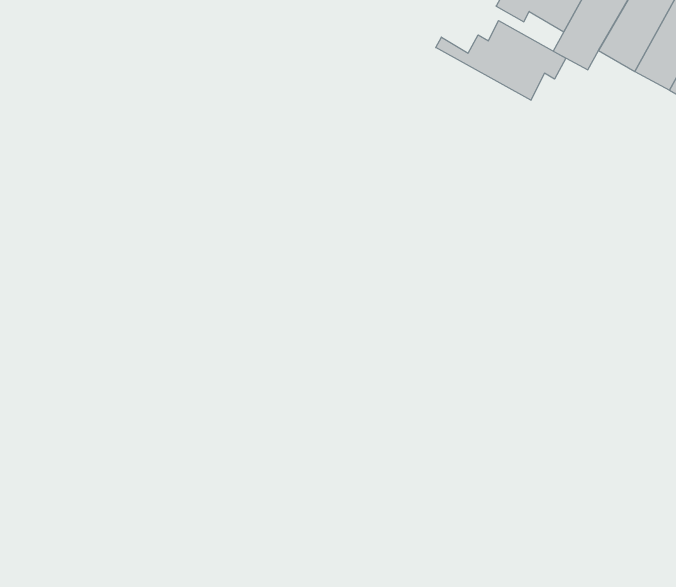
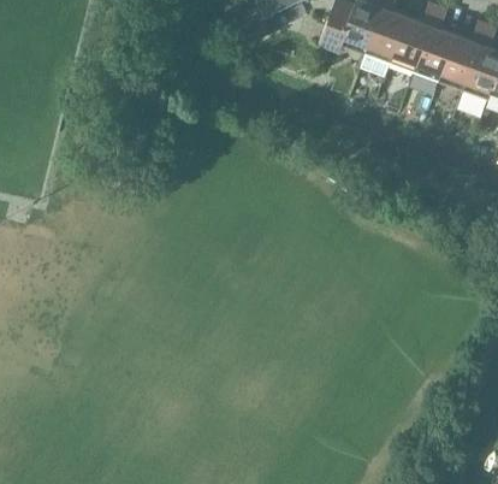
building: [436,21,566,100] -> none

